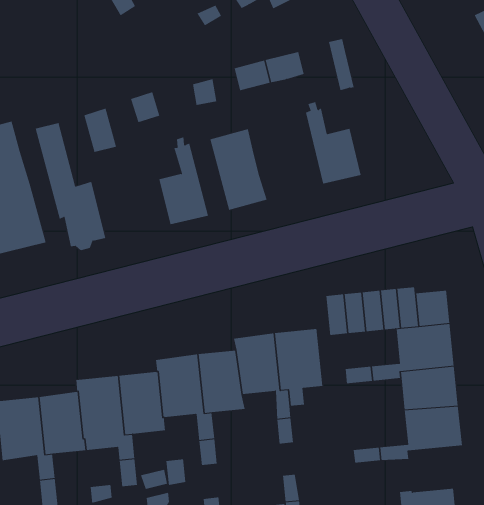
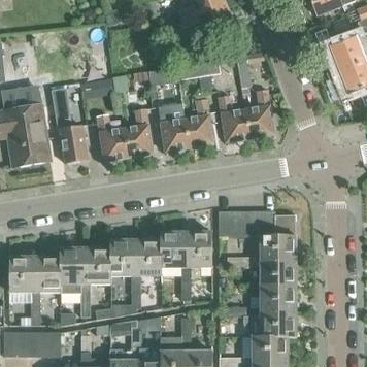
building: none -> [245,85,273,138]
building: none -> [185,98,213,147]
building: none -> [98,109,128,161]
building: none -> [261,311,295,337]

